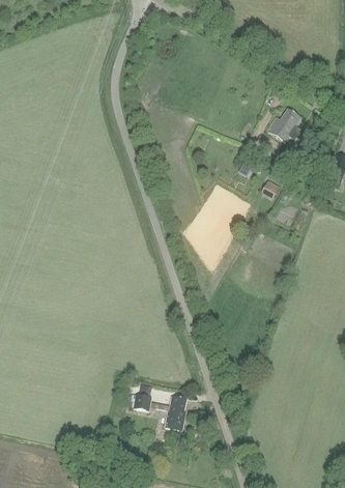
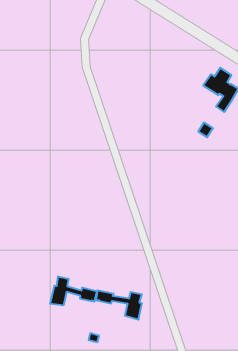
building: none -> [50,276,97,305]

